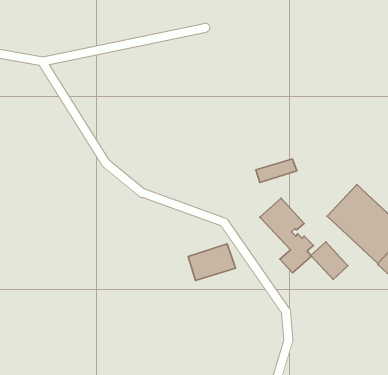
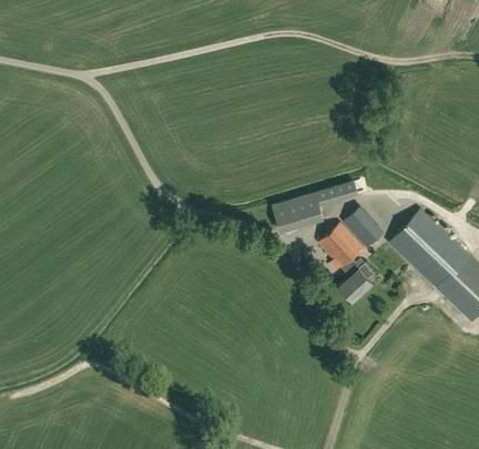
building: [311,242,348,280] -> [344,207,383,247]
building: [188,244,236,281] -> [273,193,323,232]

